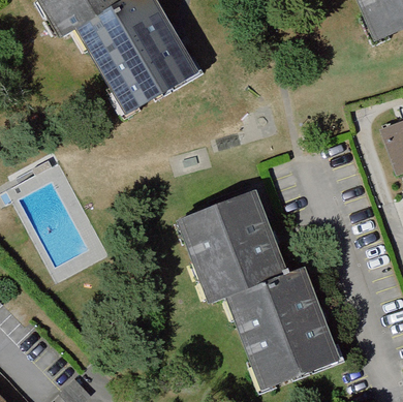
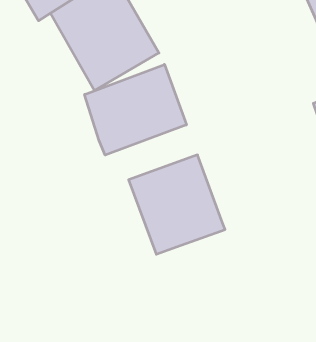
building: none -> [85,64,186,155]
building: [221,258,330,383] -> none

